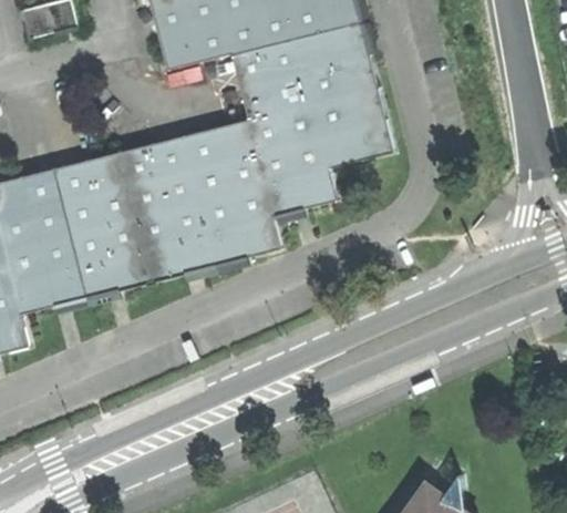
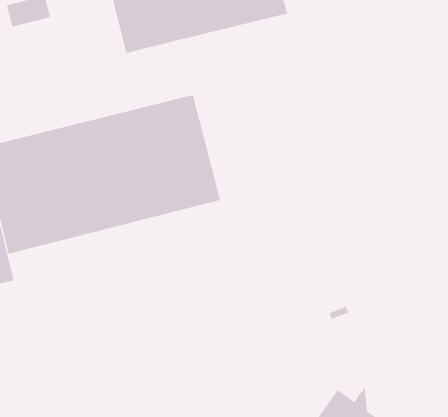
building: [233,21,395,217] -> none

